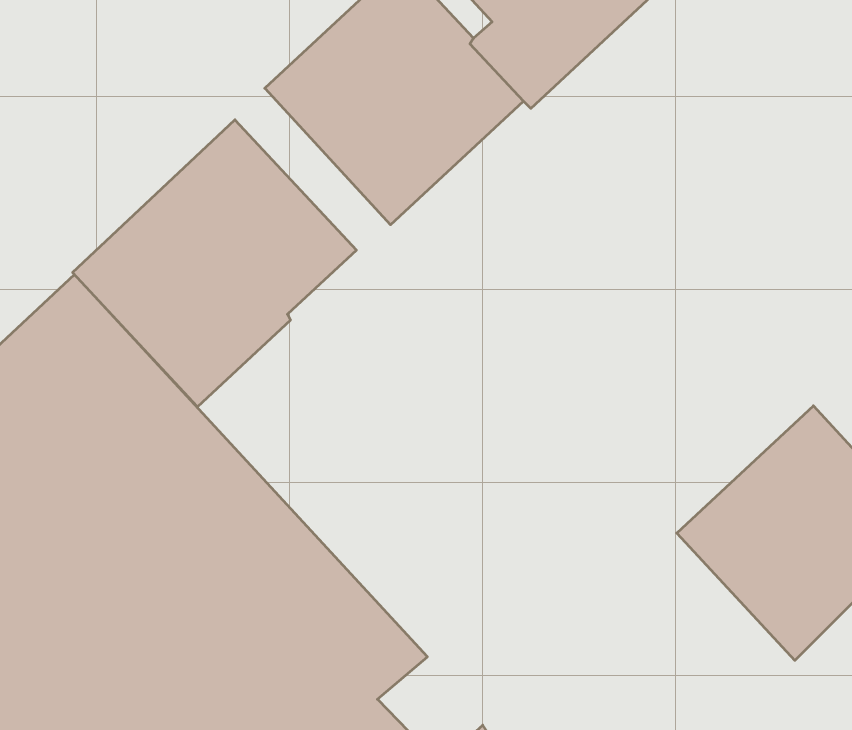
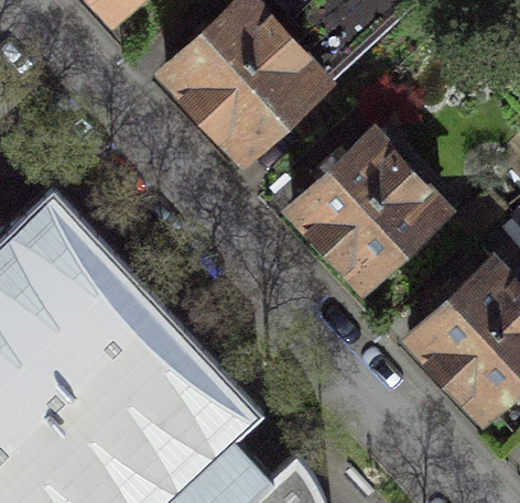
building: [73,120,356,407] -> none
building: none -> [290,139,443,291]

